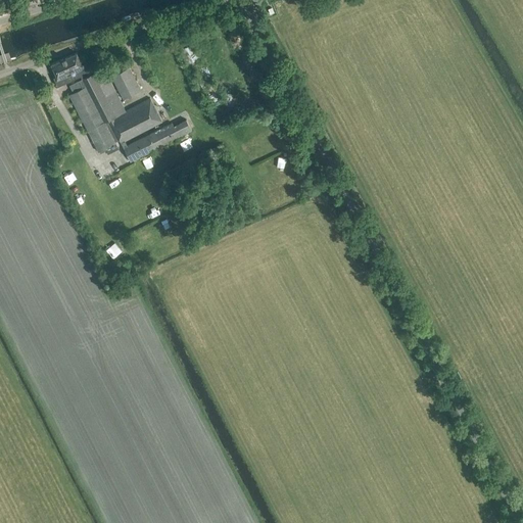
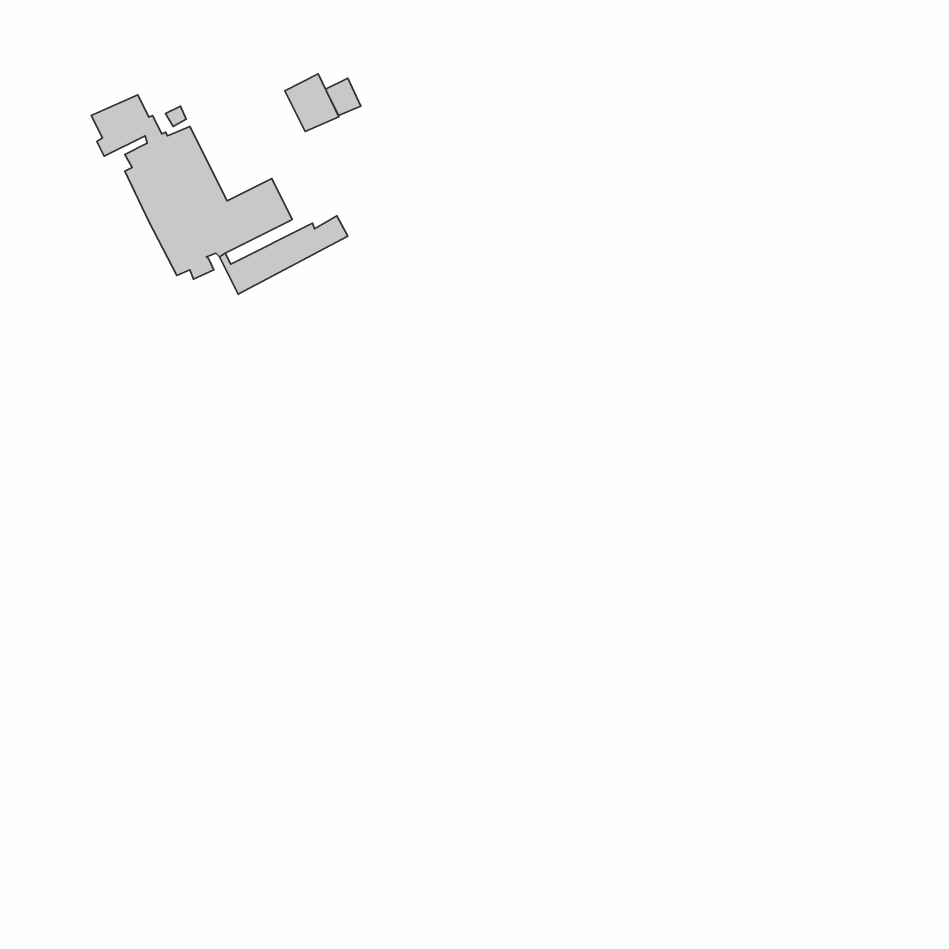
building: [110,66,140,98] -> [285,74,339,132]

